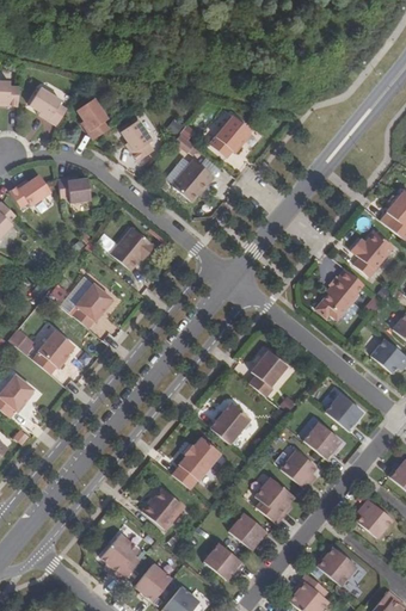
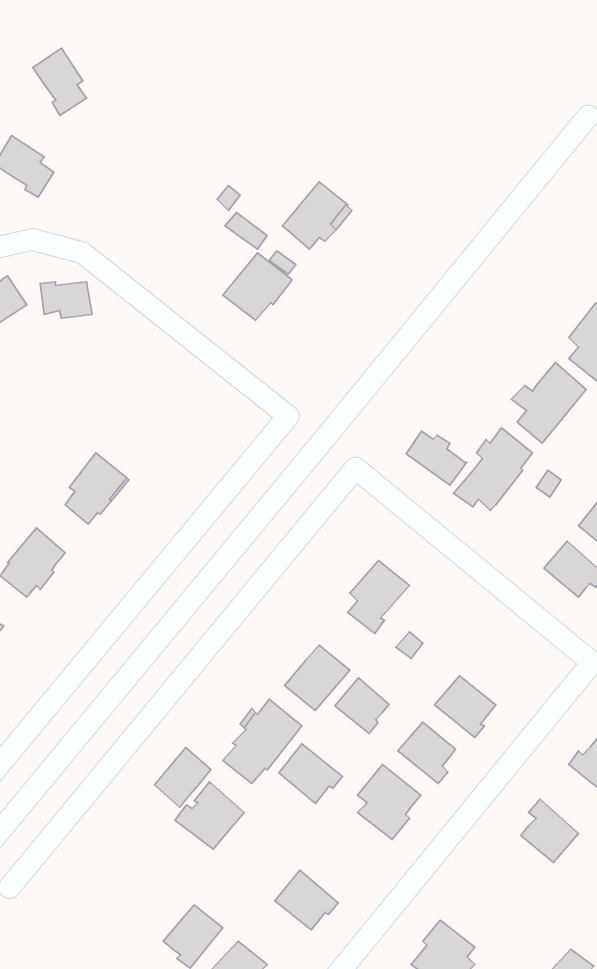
building: [75,97,109,138] -> [33,48,87,116]
building: [119,118,152,160] -> none
building: [110,227,154,269] -> none
building: none -> [406,431,467,485]
building: [325,393,362,431] -> none
building: none -> [335,678,389,733]
building: none -> [154,747,211,807]
building: [228,512,267,549] -> [279,744,342,803]
building: [99,532,140,580] -> none
building: [314,545,356,585] -> none

